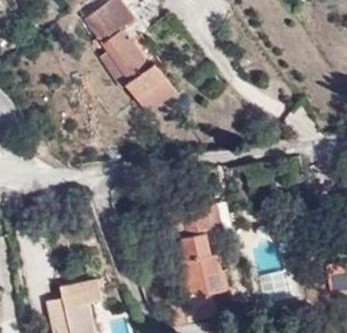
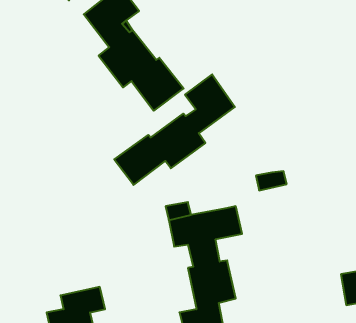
building: none -> [114,74,235,185]

